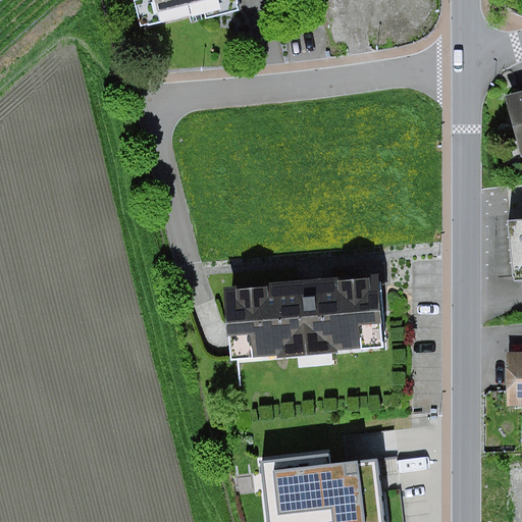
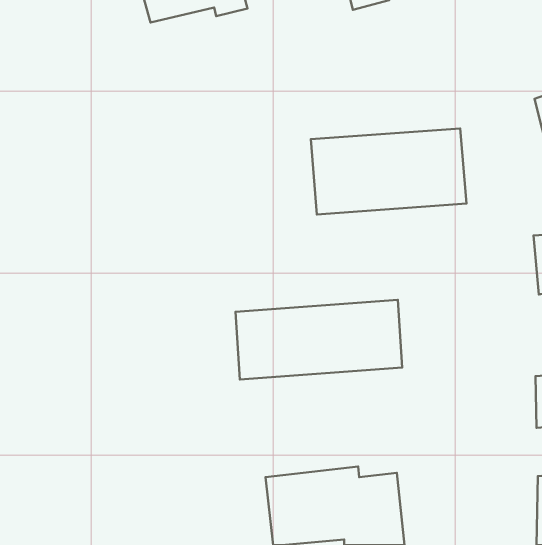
building: none -> [311,128,466,214]

